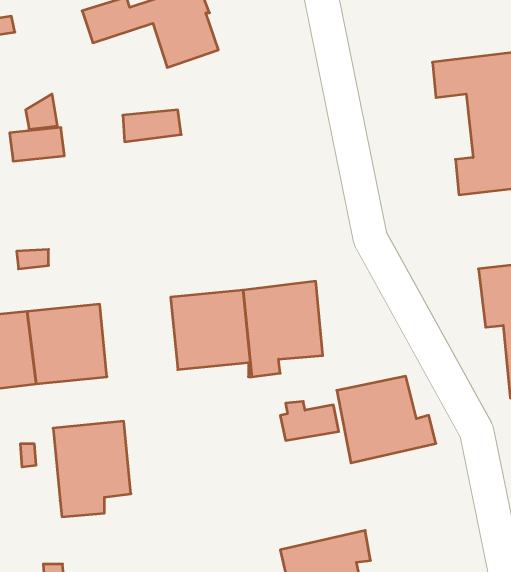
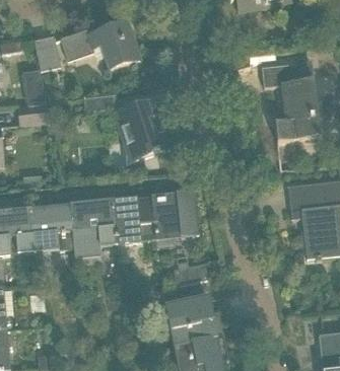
building: none -> [36,36,58,70]
building: none -> [117,100,171,167]
building: [337,376,436,463] -> [166,296,223,346]
building: [53,421,131,517] -> [71,201,116,255]

